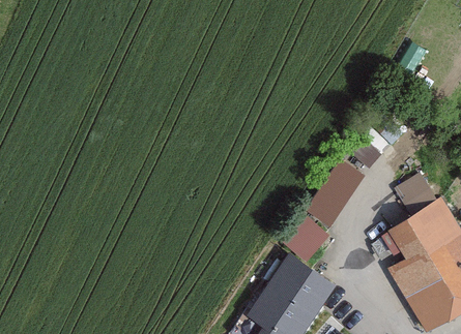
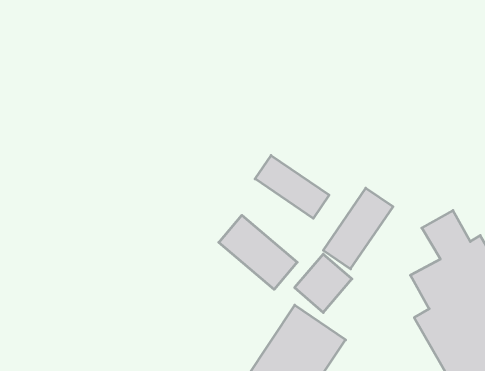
building: none -> [255,155,329,218]
building: none -> [219,215,297,289]

